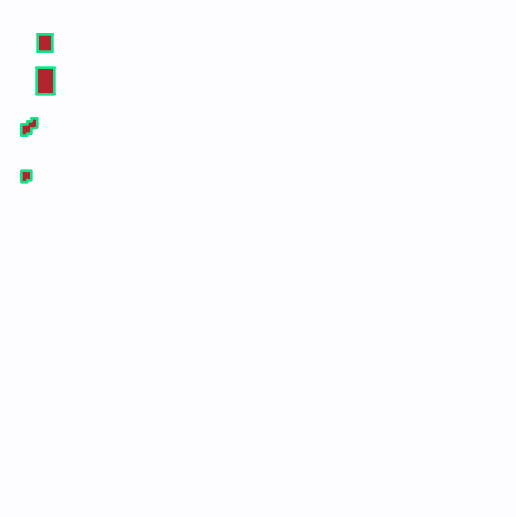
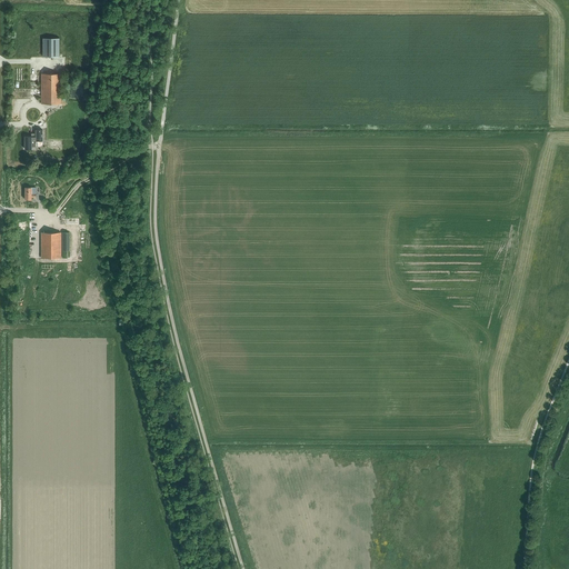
building: none -> [40,232,59,258]

